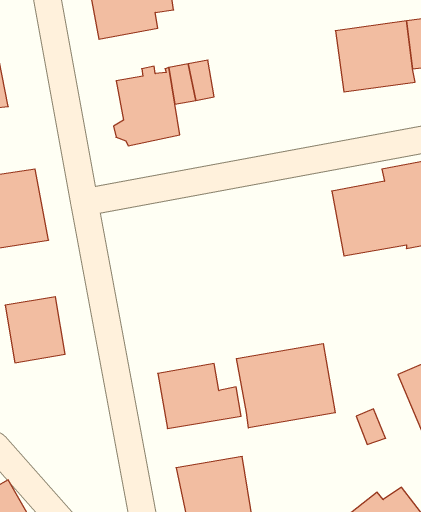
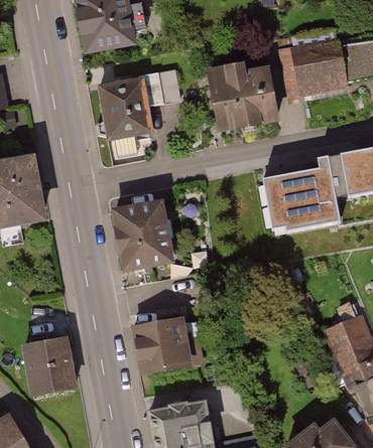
building: none -> [201,57,274,133]
building: none -> [113,202,171,270]
building: [5,297,65,363] -> [24,338,74,393]
building: [236,344,335,428] -> none

